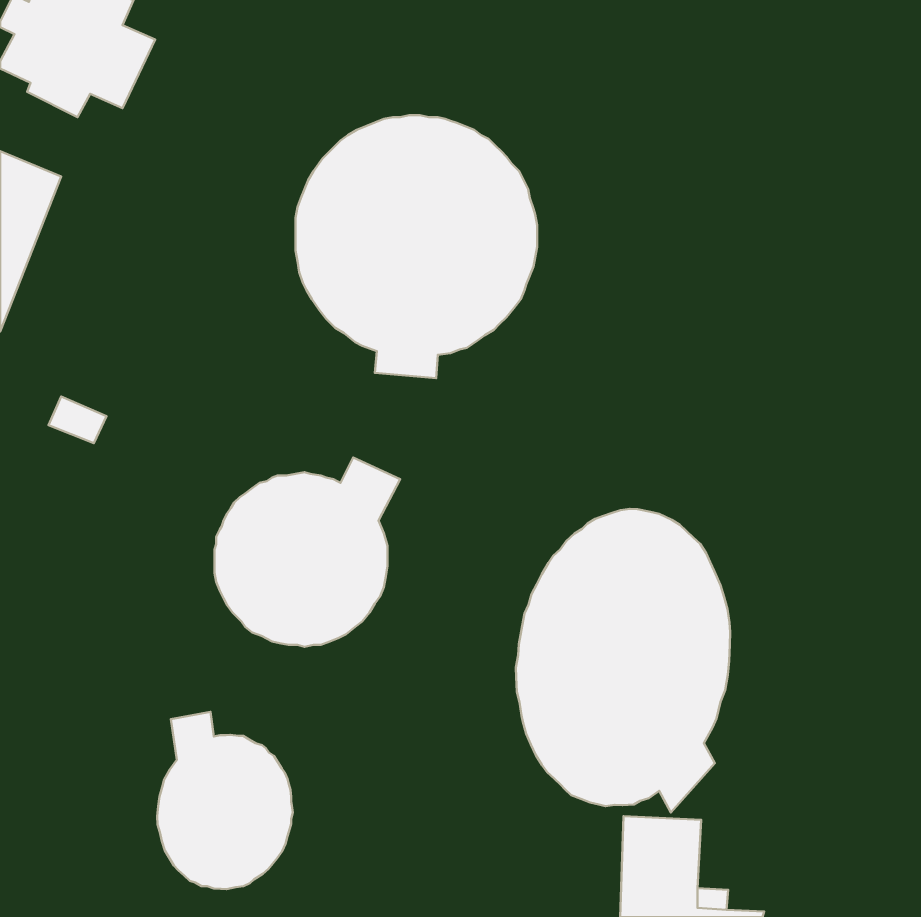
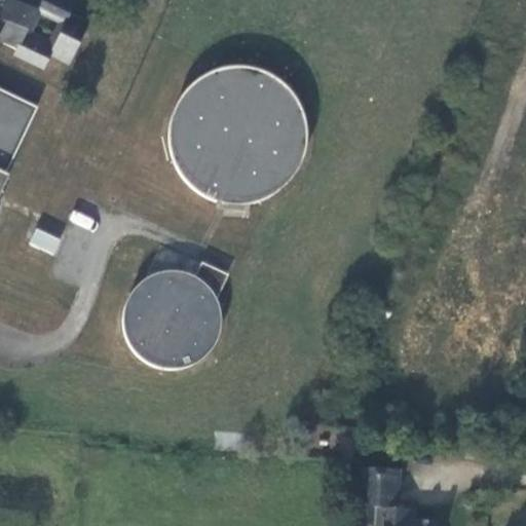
building: [516,509,730,813] -> none
building: [157,712,293,889] -> none

